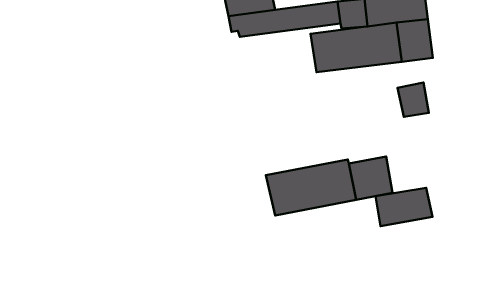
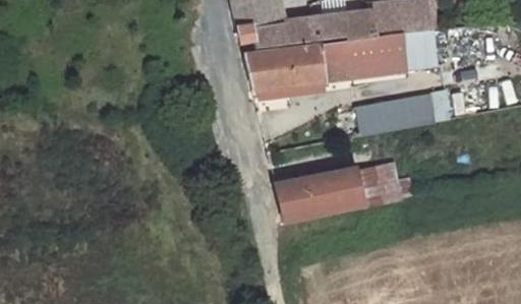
building: none -> [244,45,325,90]
building: [375,188,433,226] -> [354,98,410,135]

